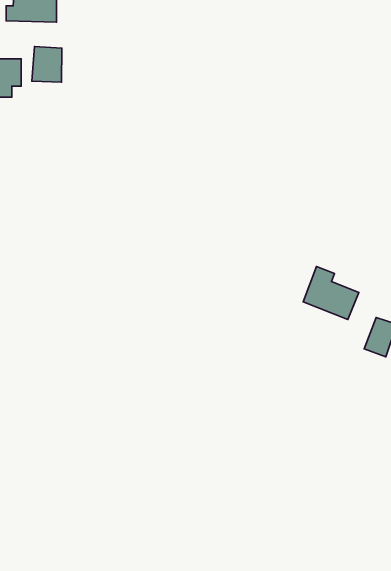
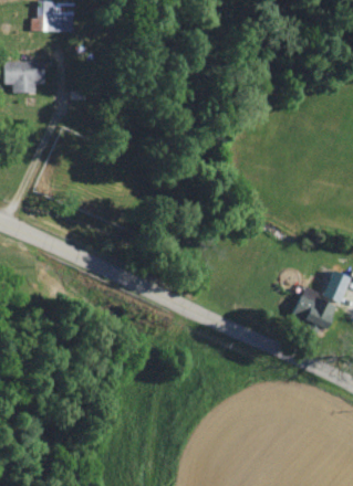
building: [32,47,62,82] -> none
building: [303,267,359,320] -> [291,286,336,329]

